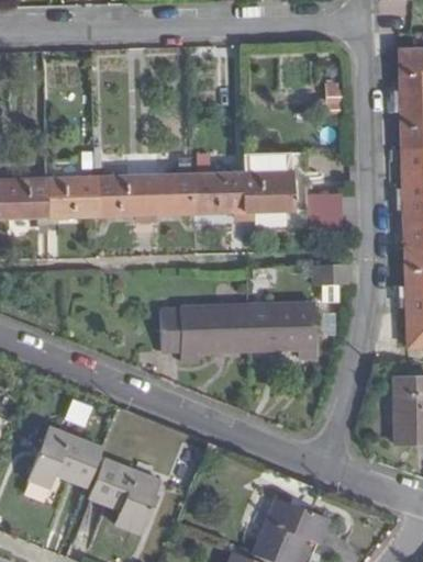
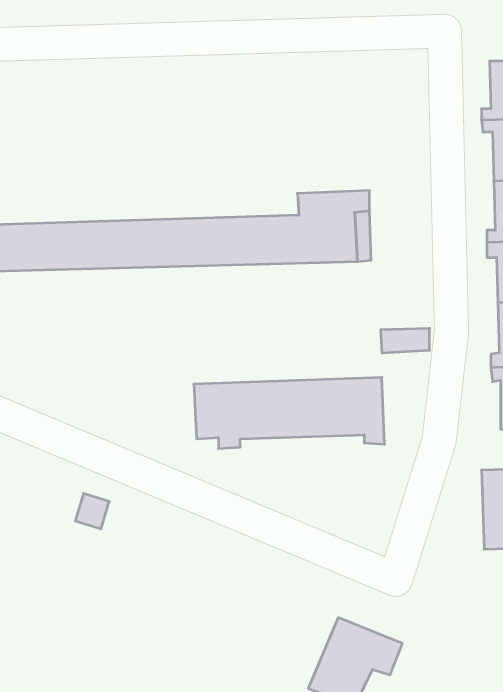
building: [307,193,342,229] -> none
building: [27,427,102,487] -> none
building: [89,458,160,531] -> none

